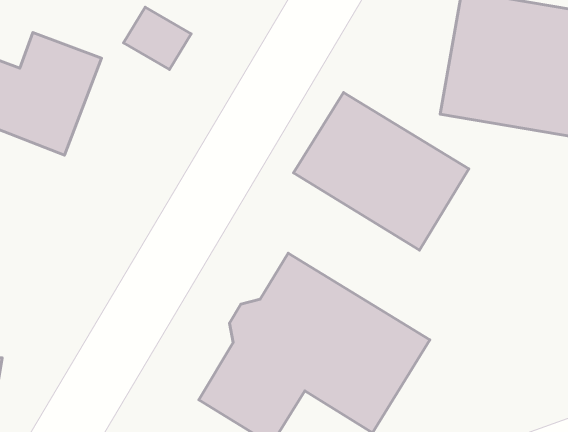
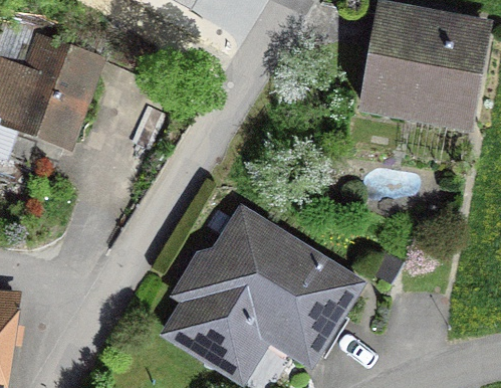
building: [293,92,469,250] -> none

